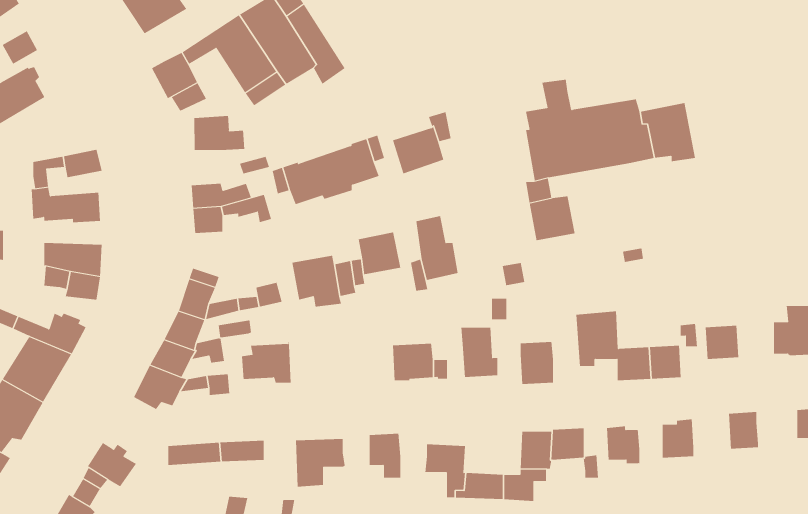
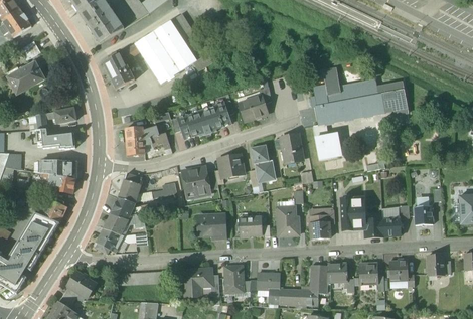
building: [194,115,245,151] -> none
building: none -> [280,133,302,164]
building: [241,338,291,383] -> [196,212,224,237]

